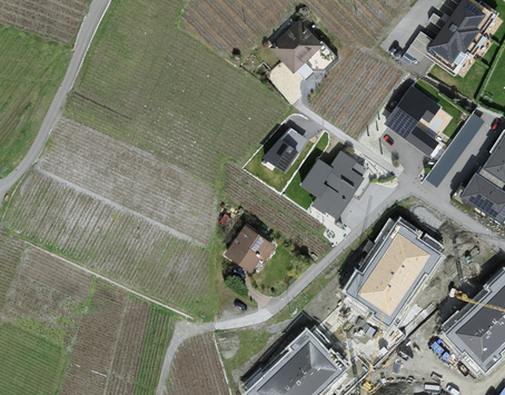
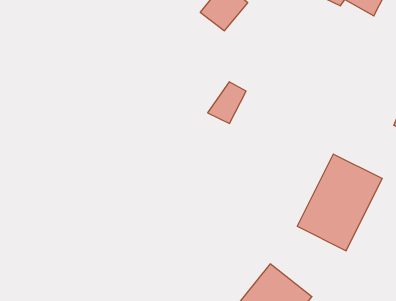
building: [385,86,442,156] -> none
building: [301,149,368,219] -> none
building: [224,225,275,274] -> none

